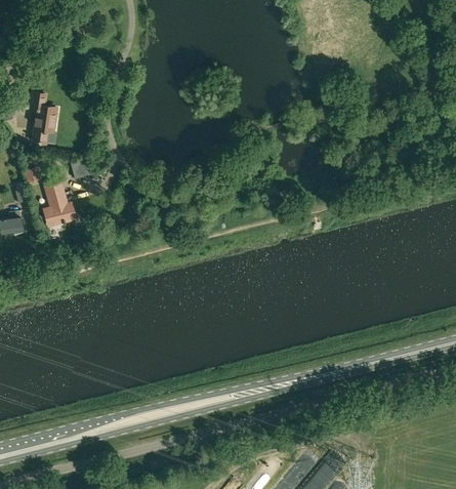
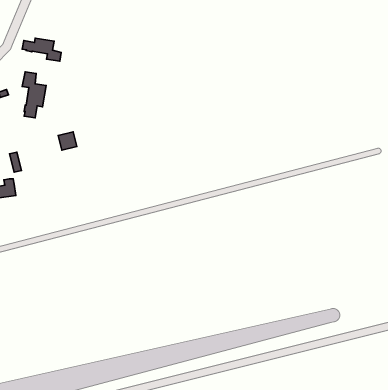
building: none -> [22,38,61,61]
building: [45,181,75,223] -> none

